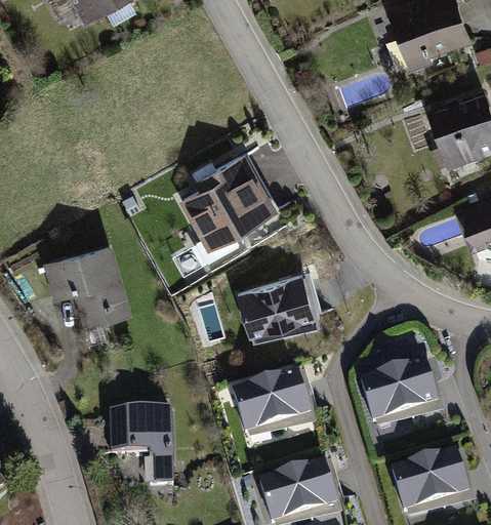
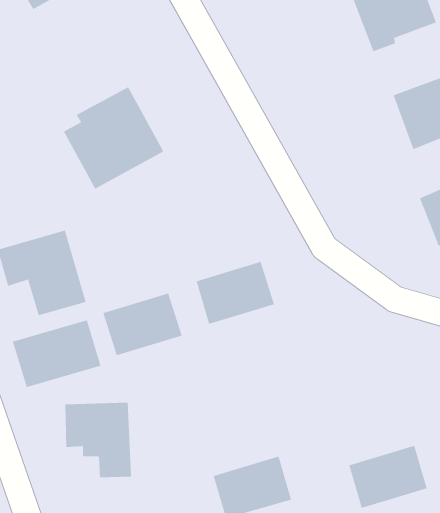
building: [178,154,277,254] -> [63,86,164,189]
building: none -> [12,319,101,388]
building: [361,357,438,418] -> none
building: [236,369,314,431] -> [102,293,182,356]

